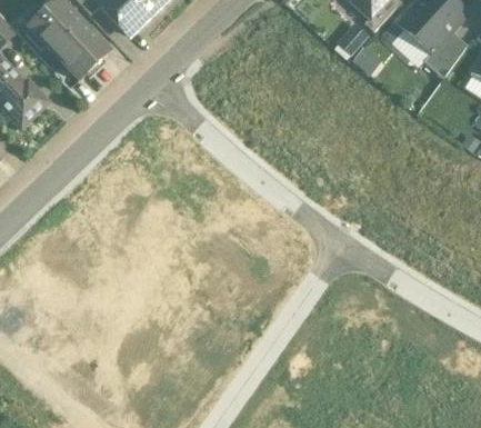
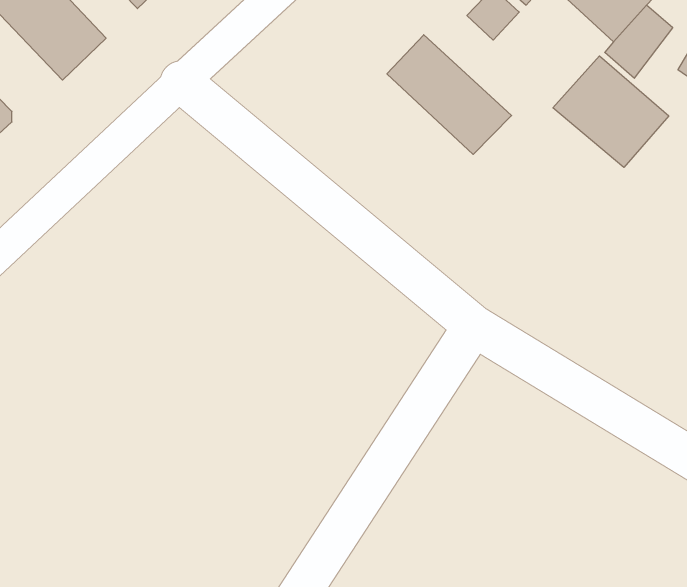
building: none -> [387,35,512,154]
building: none -> [553,56,669,167]

